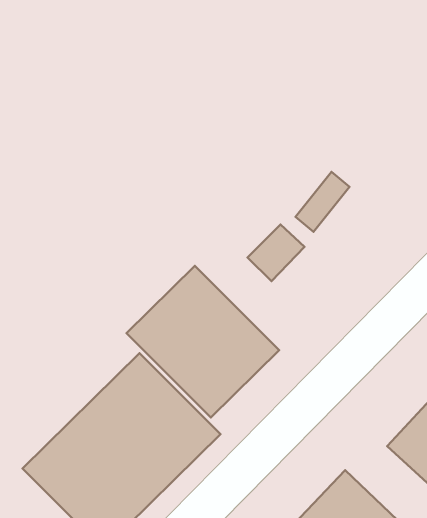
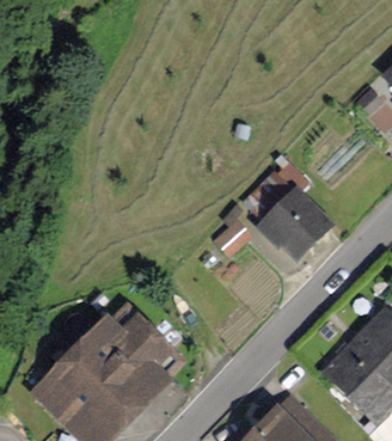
building: none -> [257,190,330,263]
building: [126,266,279,418] -> none

